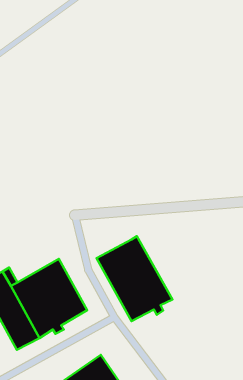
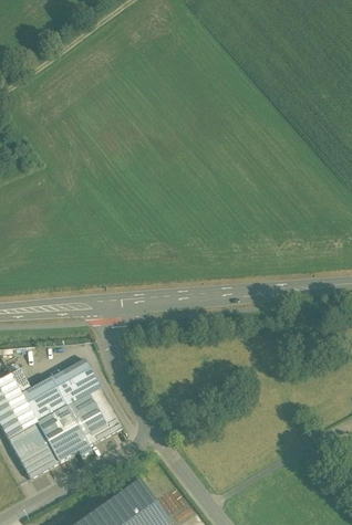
building: [97,236,173,321] -> none

